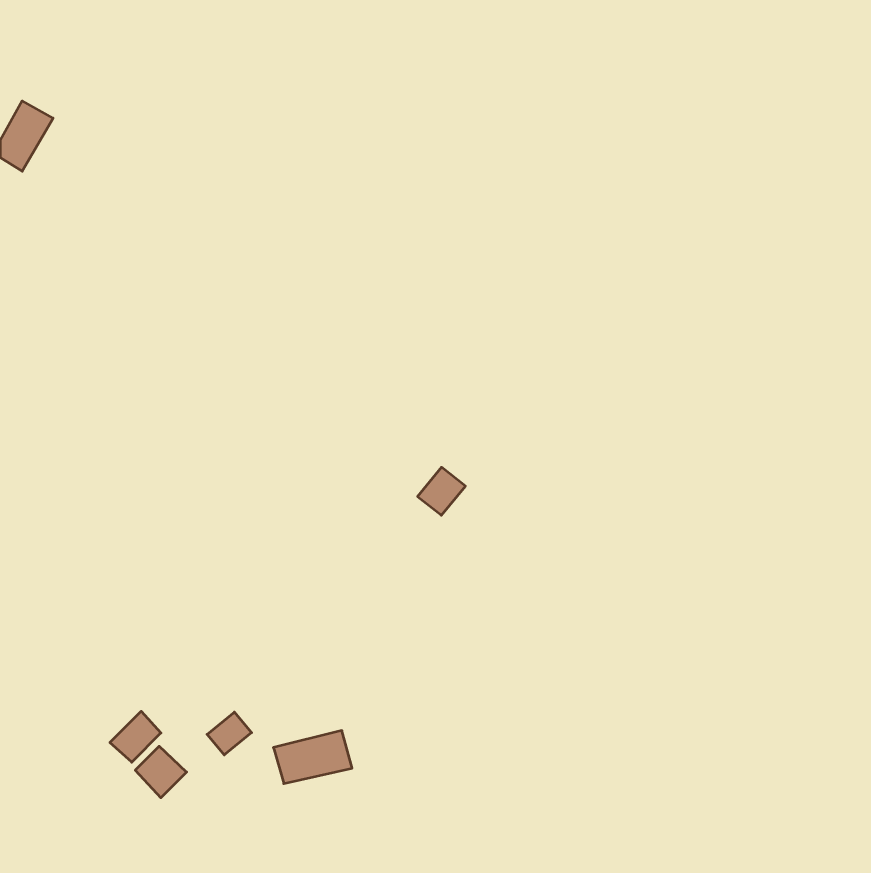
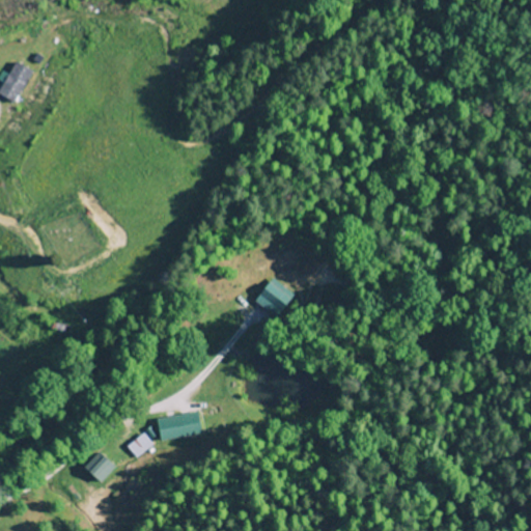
building: [110,711,161,762] -> none
building: [273,731,352,784] -> [156,409,203,441]

